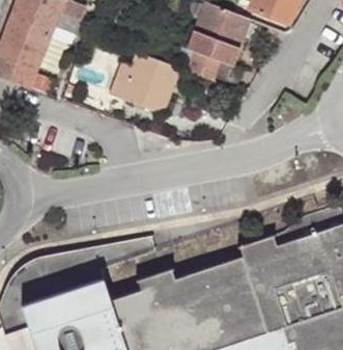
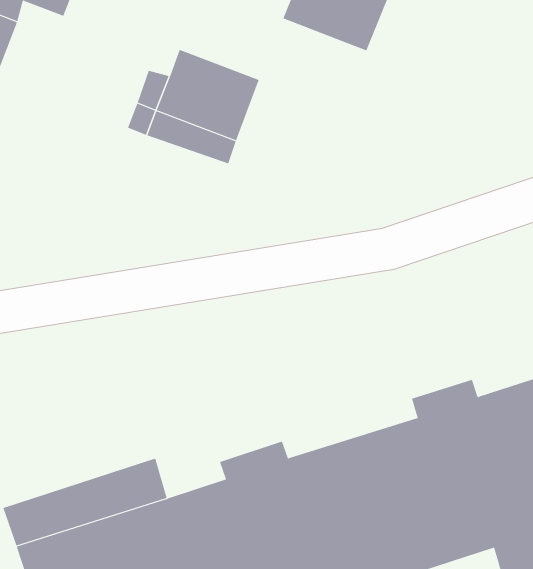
building: [181,37,232,83] -> none

